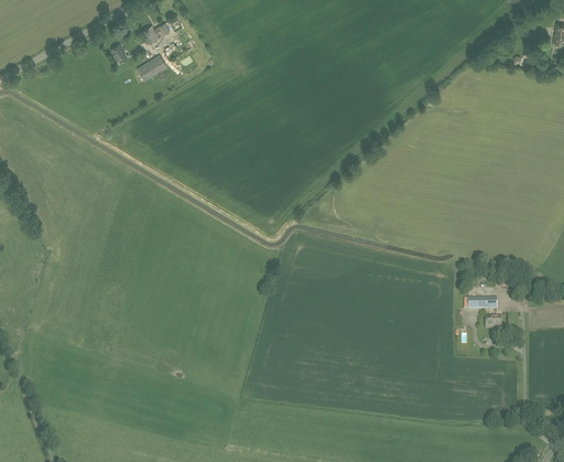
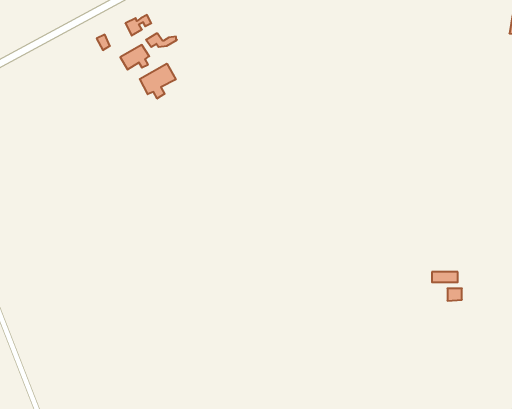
building: none -> [140,64,176,99]

